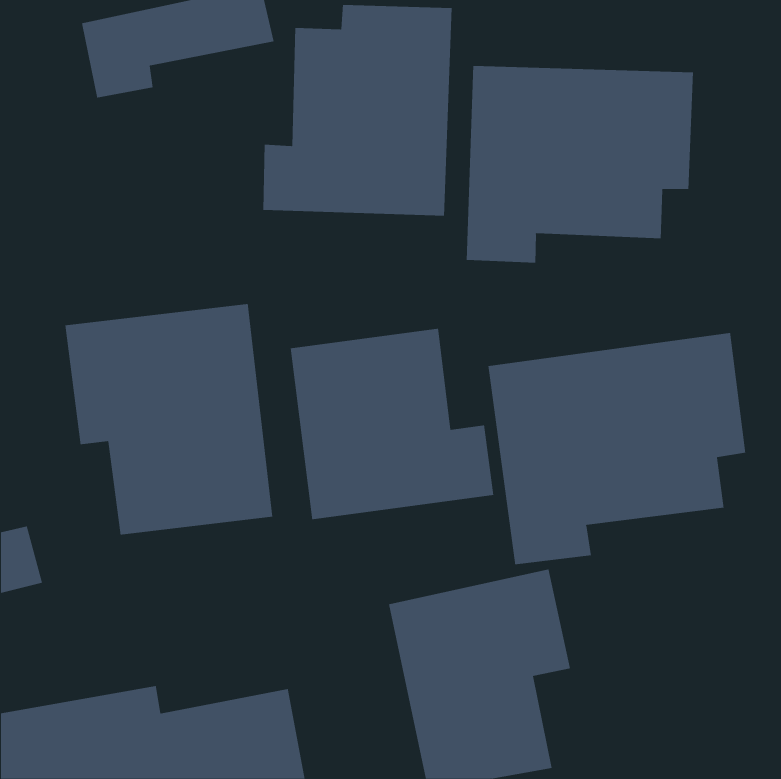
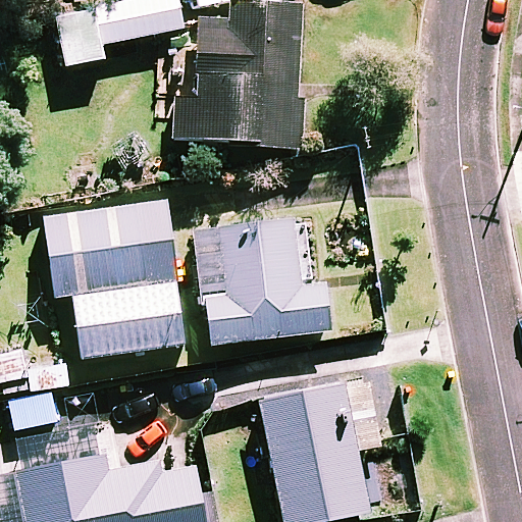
building: [466,65,693,264] -> none
building: [488,332,746,565] -> none

